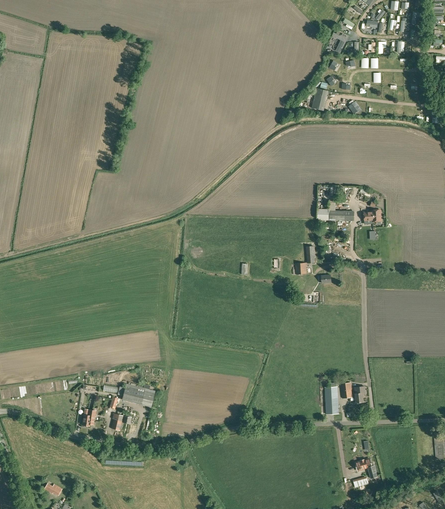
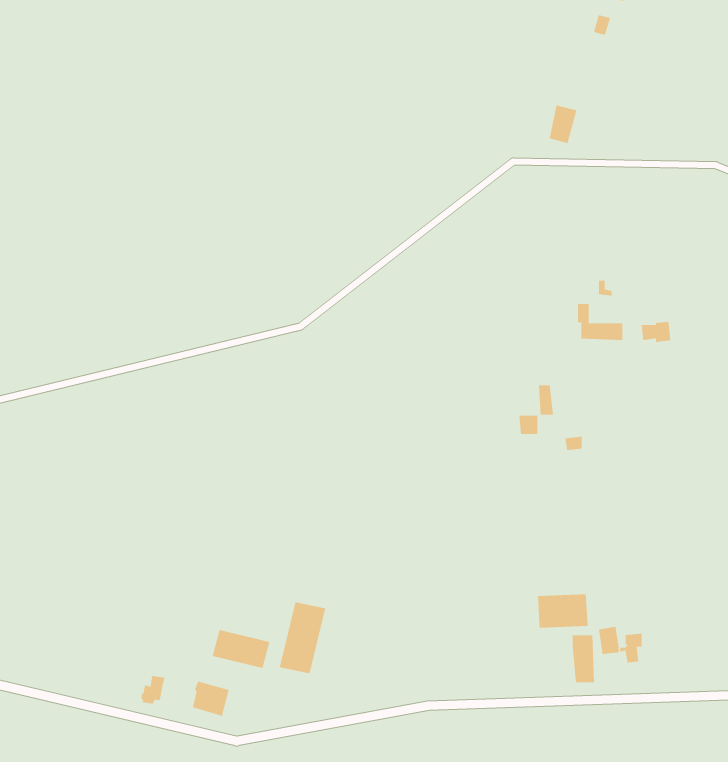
building: none -> [537,594,588,628]
building: none -> [279,601,326,674]

